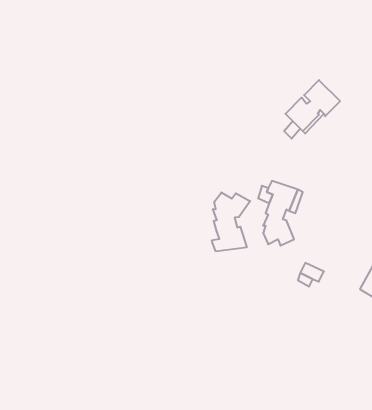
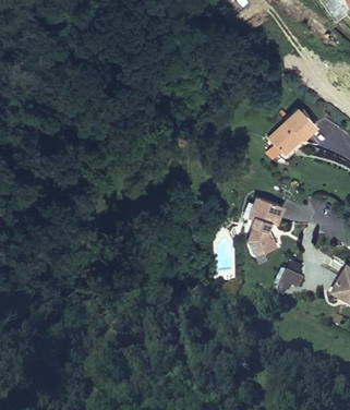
building: [212,192,250,251] -> none

